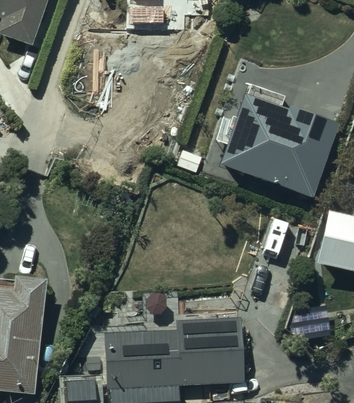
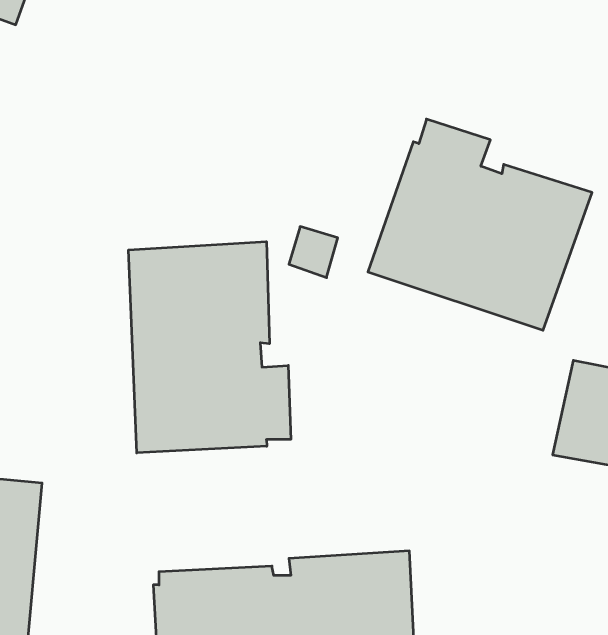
building: none -> [129,242,291,453]

